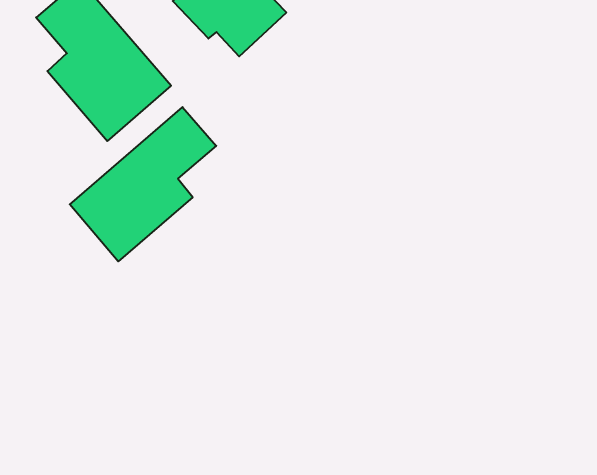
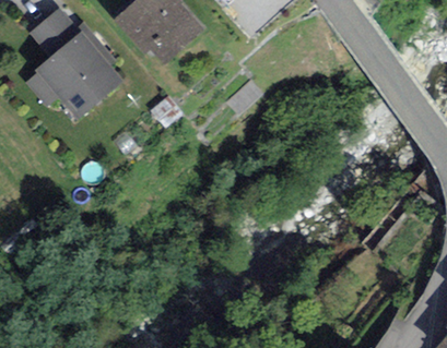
building: [70,107,216,261] -> none

